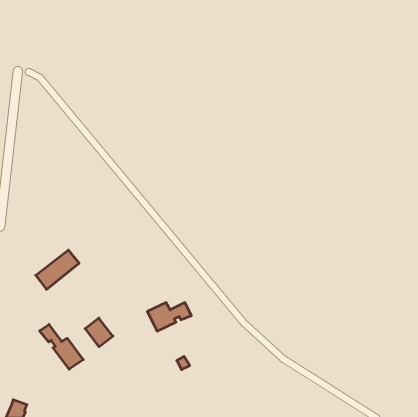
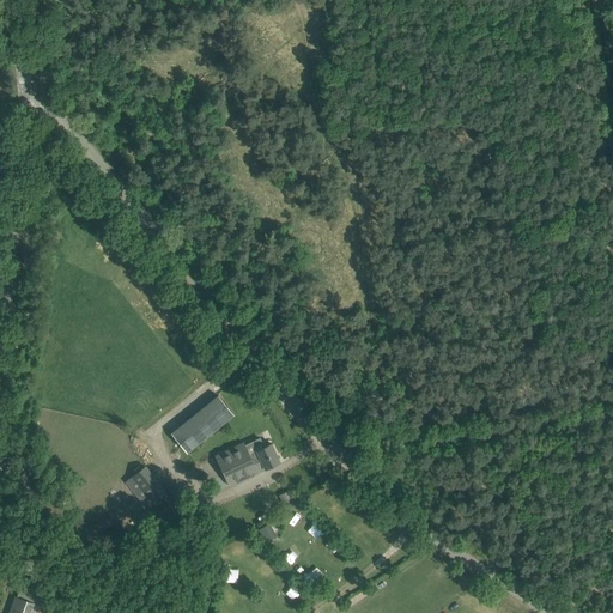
building: [36,250,79,289] -> [170,396,233,454]
building: [40,324,83,369] -> none

